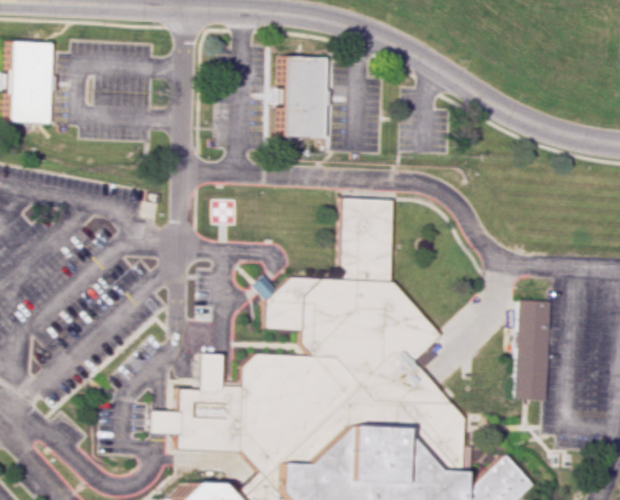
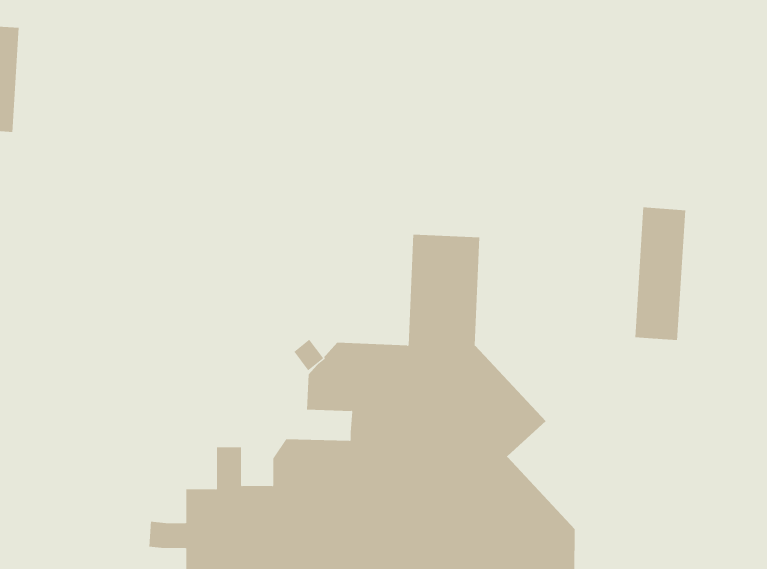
building: [283,53,328,138] -> none
building: [519,303,558,403] -> [634,207,686,341]

